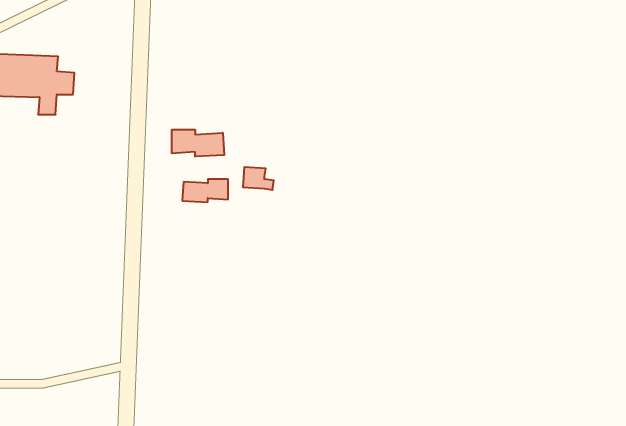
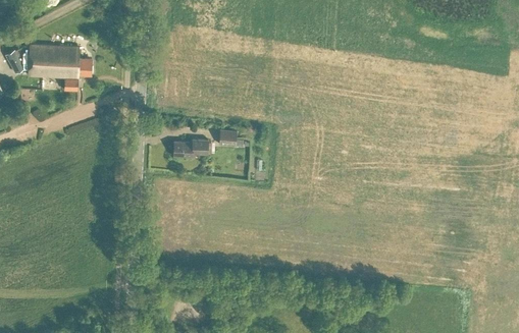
building: [172,130,224,157] -> none

